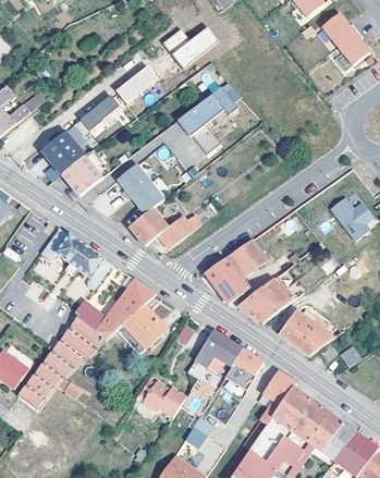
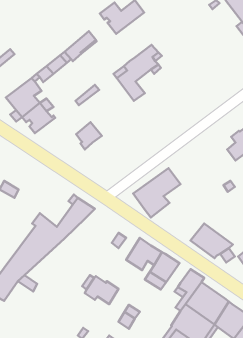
building: [117,164,149,199] -> none
building: [128,208,193,248] -> none
building: [41,228,111,289] -> none
building: [236,269,304,324] -> none
building: [115,305,164,354] -> none

